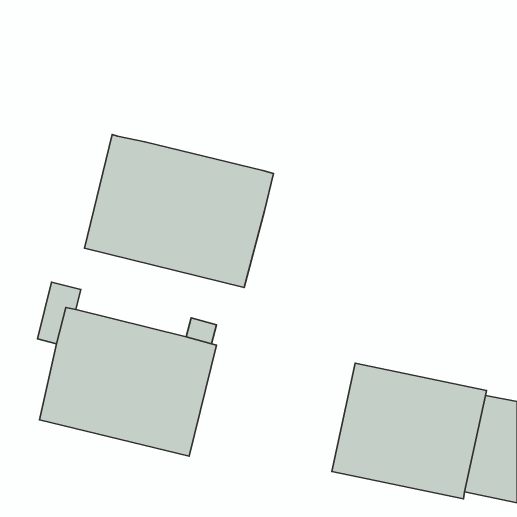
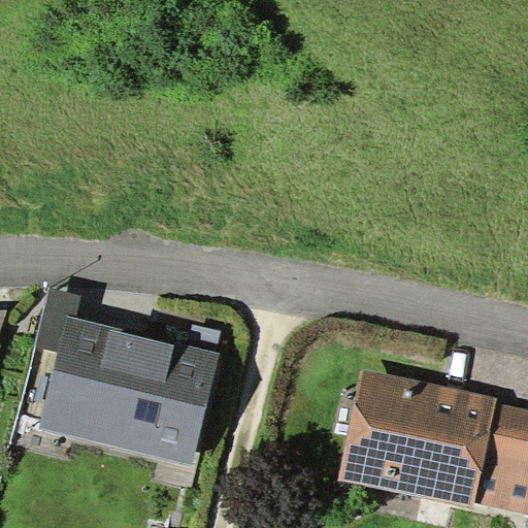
building: [84,135,273,288] -> none

